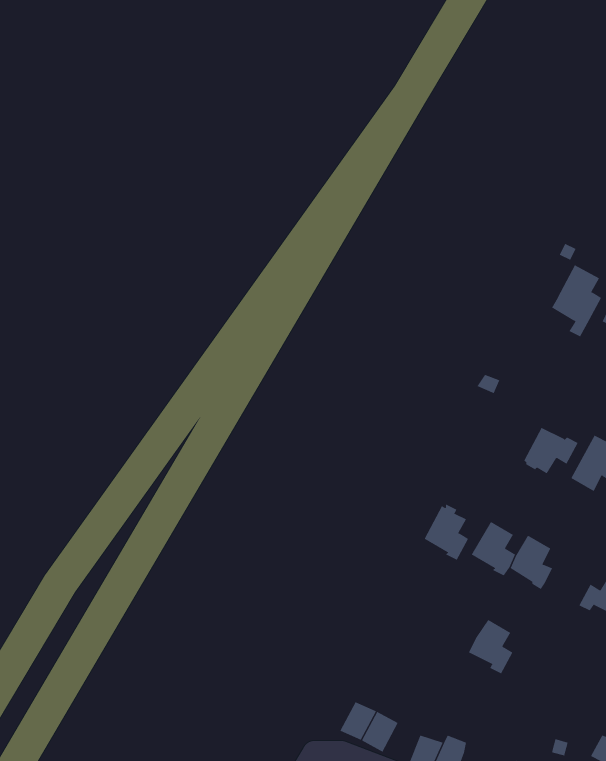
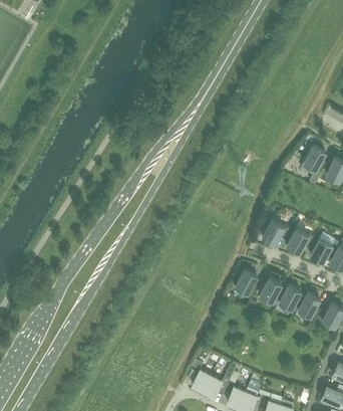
building: none -> [262,221,290,245]
building: [468,619,513,674] -> [297,293,320,322]

